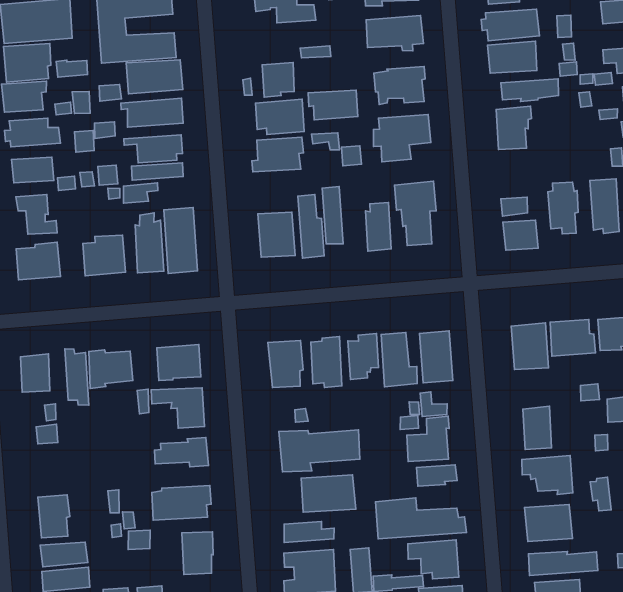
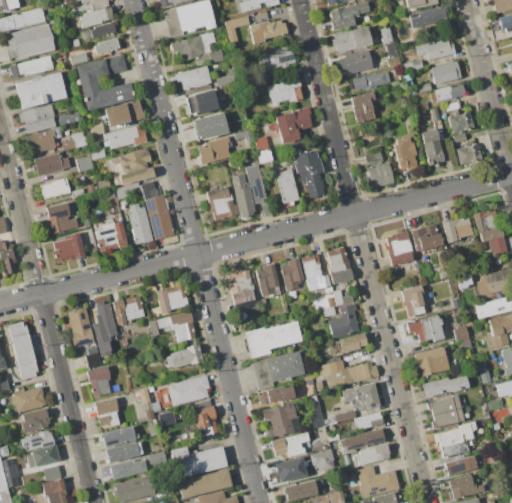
building: [308,90,358,120] -> [176,66,211,90]
building: none -> [88,367,111,397]

